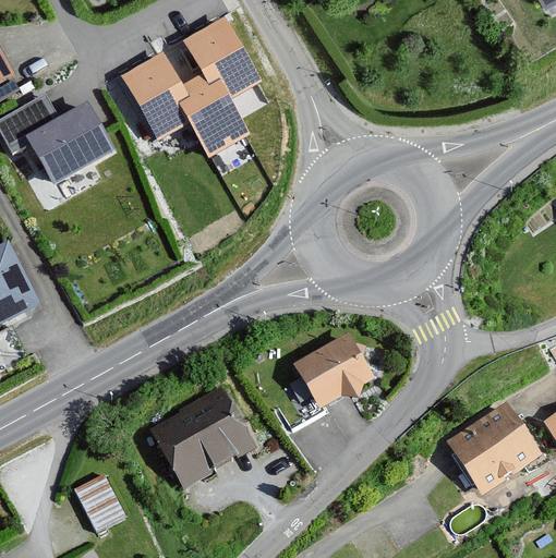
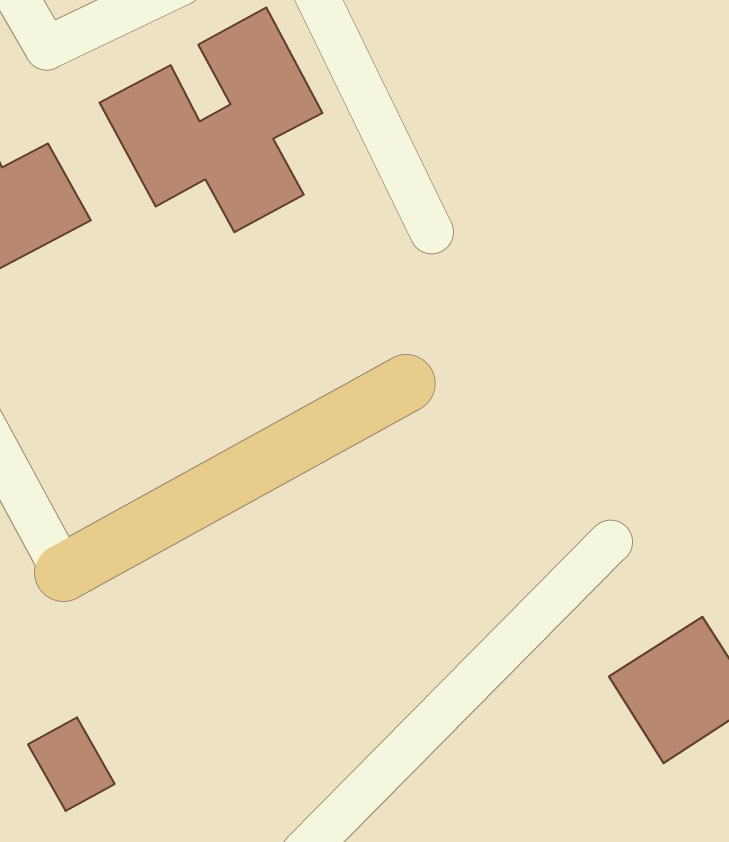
building: [290,335,375,414] -> none
building: [146,386,258,493] -> none

